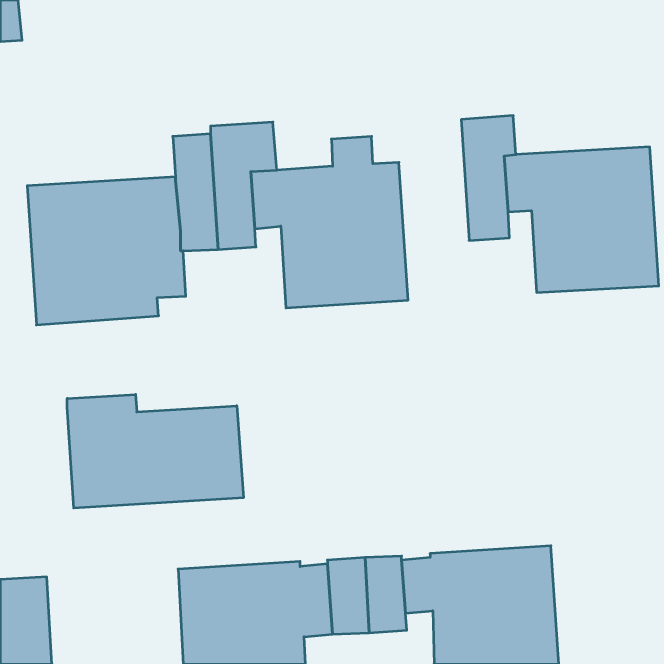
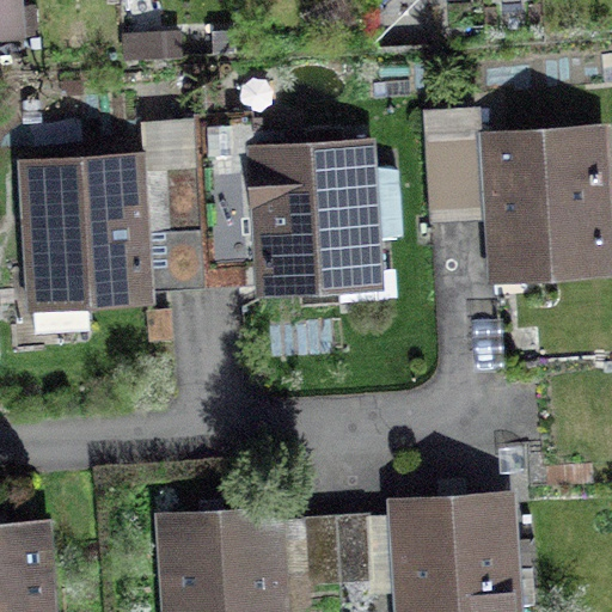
building: [67,394,243,508] -> none

